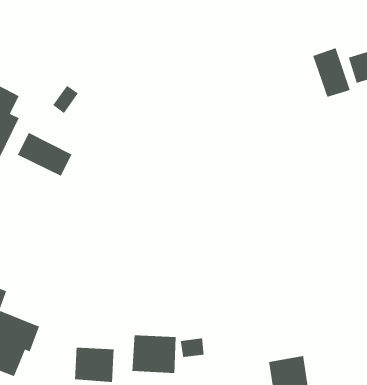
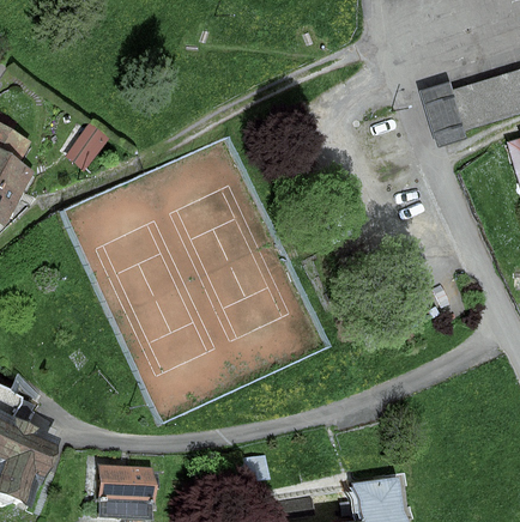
building: [17,132,73,177] -> none
building: [131,334,176,374] -> none

